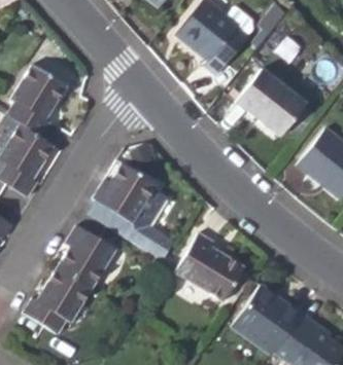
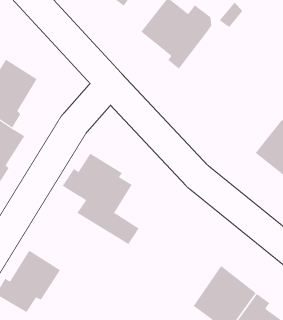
building: [237,69,306,136] -> none
building: [58,224,116,288] -> none
building: [173,233,241,302] -> none

